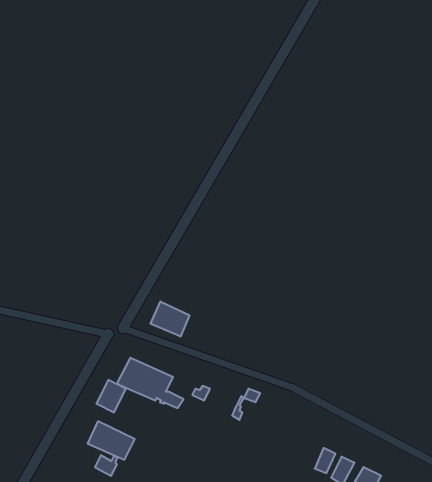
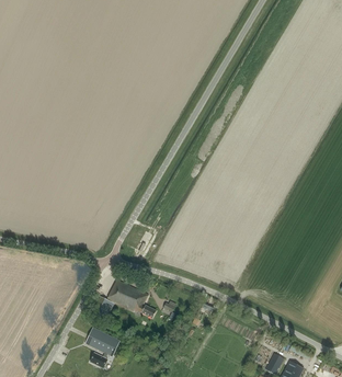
building: [151,301,189,337] -> none

